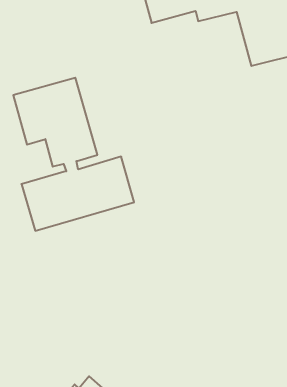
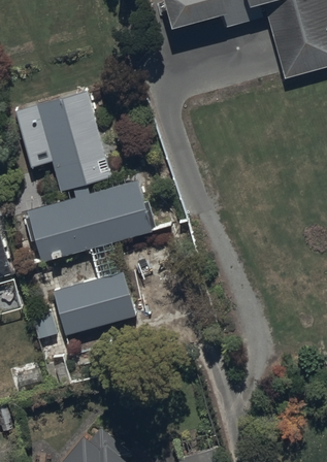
building: none -> [53,271,136,335]

